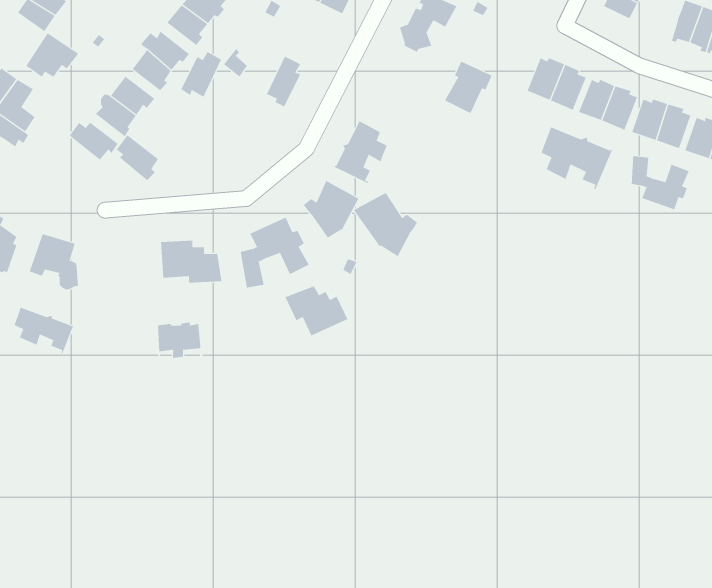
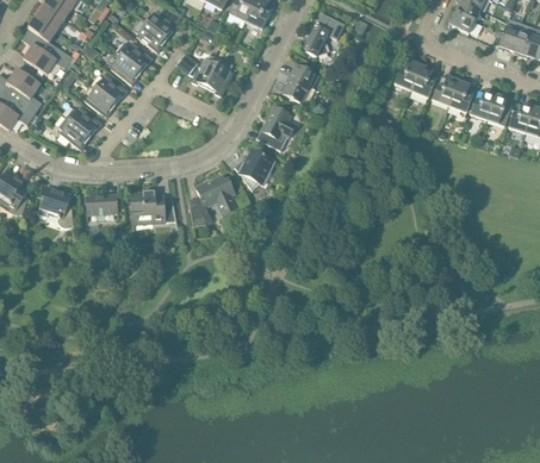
building: none -> [21,27,50,65]
building: [180,51,222,98] -> [191,52,221,86]
building: [444,61,492,114] -> [283,63,317,101]
building: [541,126,612,189] -> none
building: [116,134,159,181] -> [57,115,88,149]
building: [631,155,689,210] -> none
building: [353,192,418,257] -> none
building: [267,281,348,343] -> none
building: [14,307,74,353] -> none
building: [157,322,202,358] -> [86,193,118,219]

